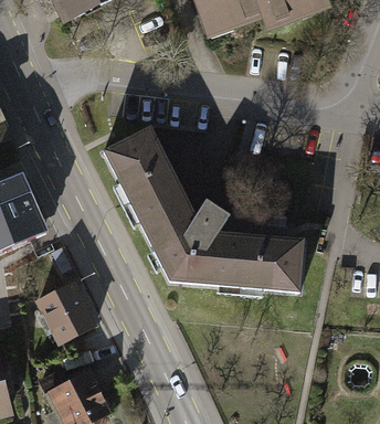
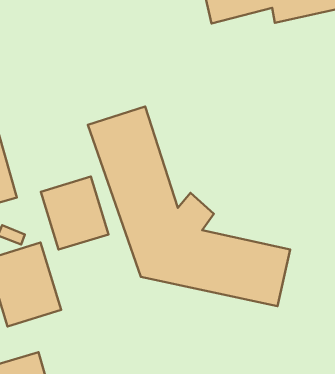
building: none -> [41,177,109,250]

